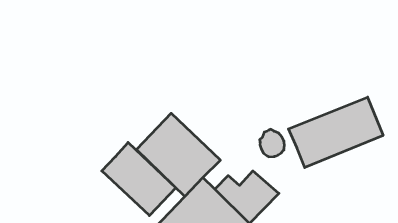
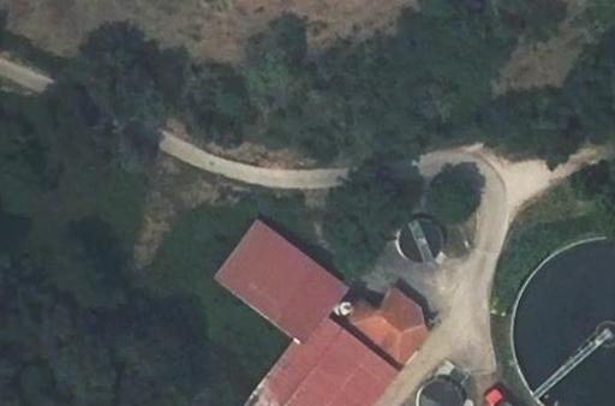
building: [288,97,383,168] -> none
building: [102,142,176,216] -> none

